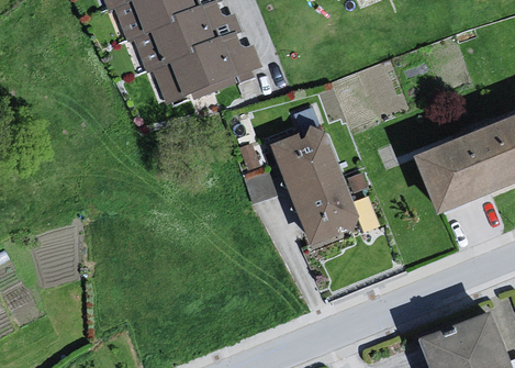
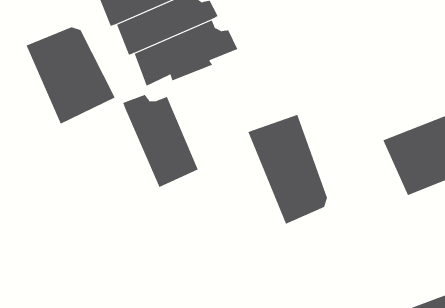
building: none -> [26,27,116,125]
building: none -> [123,94,198,188]

